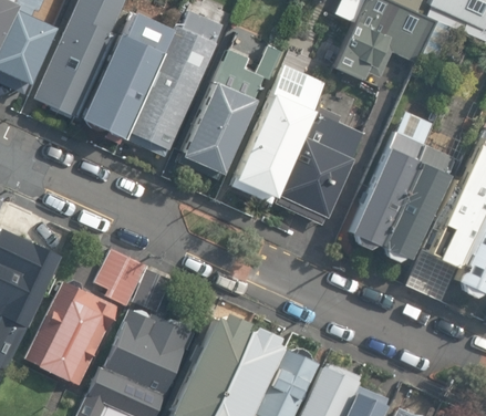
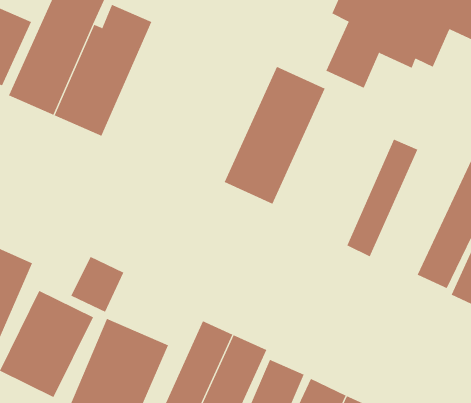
building: [135,27,221,155] -> none
building: [185,49,269,175] -> none
building: [283,114,369,220] -> none
building: [375,146,454,262] -> none

